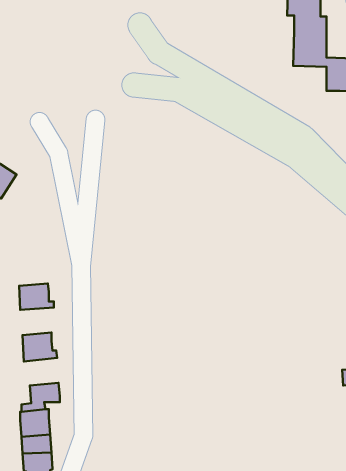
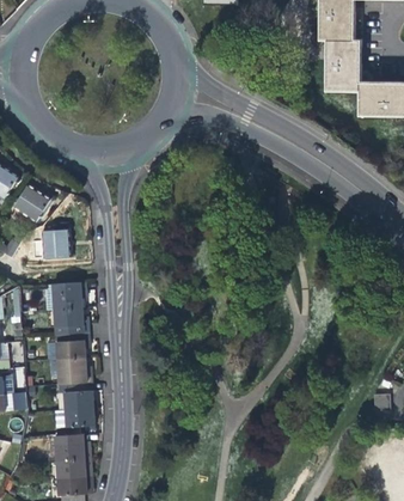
building: none -> [41,228,71,258]
building: none -> [50,282,84,310]
building: none -> [54,331,87,359]
building: none -> [57,381,92,409]

